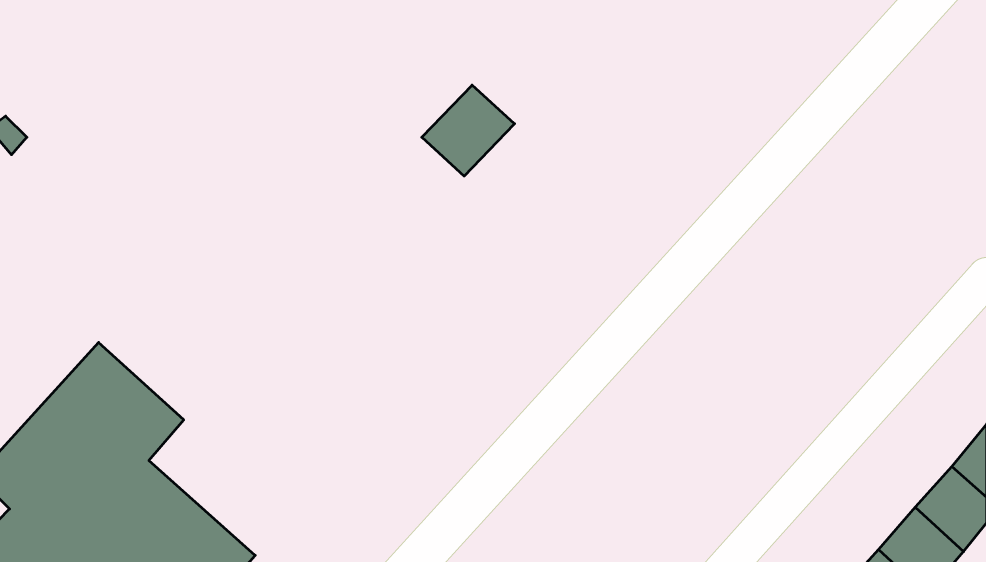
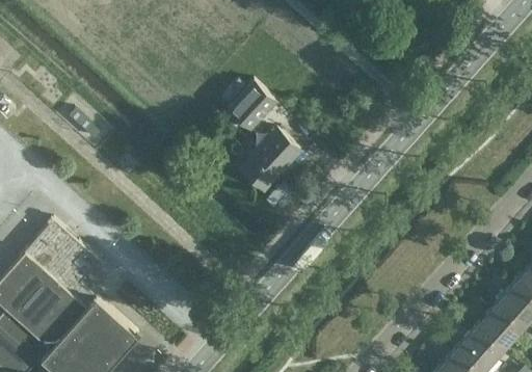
building: none -> [237,128,302,193]

